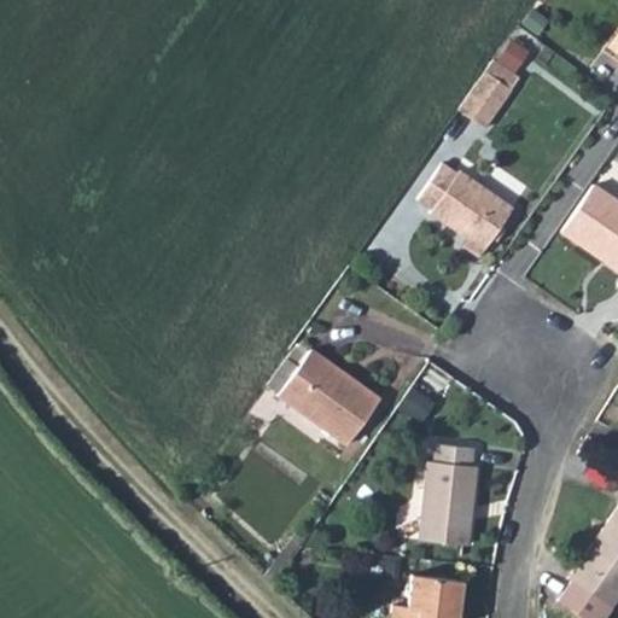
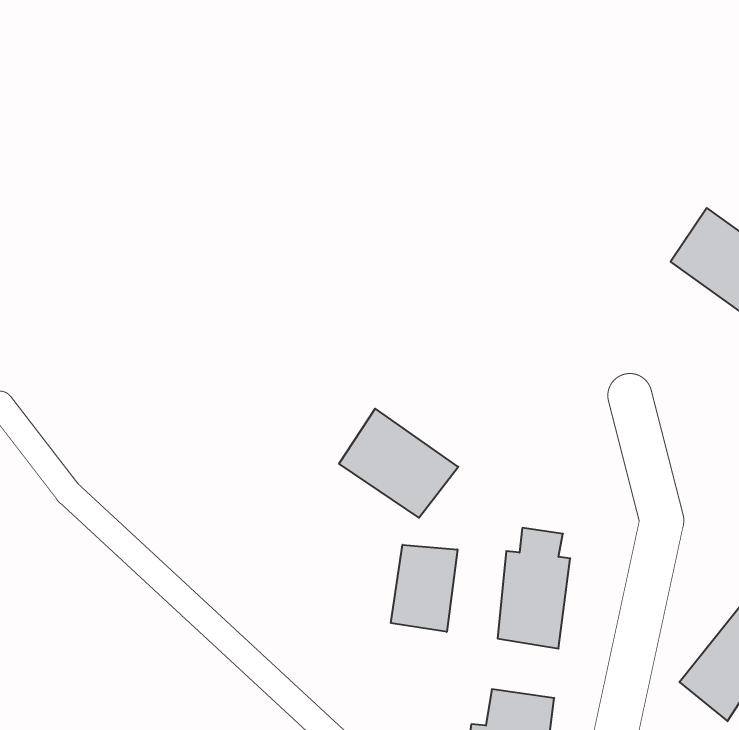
building: [470,56,525,116] -> none
building: [418,163,512,249] -> none
building: none -> [391,545,457,632]

